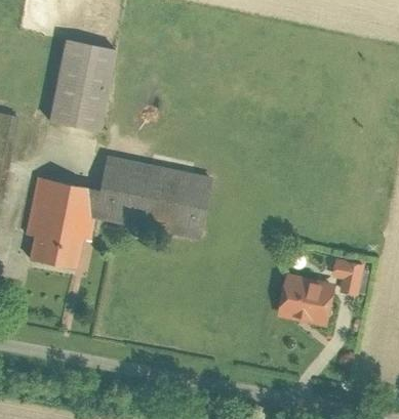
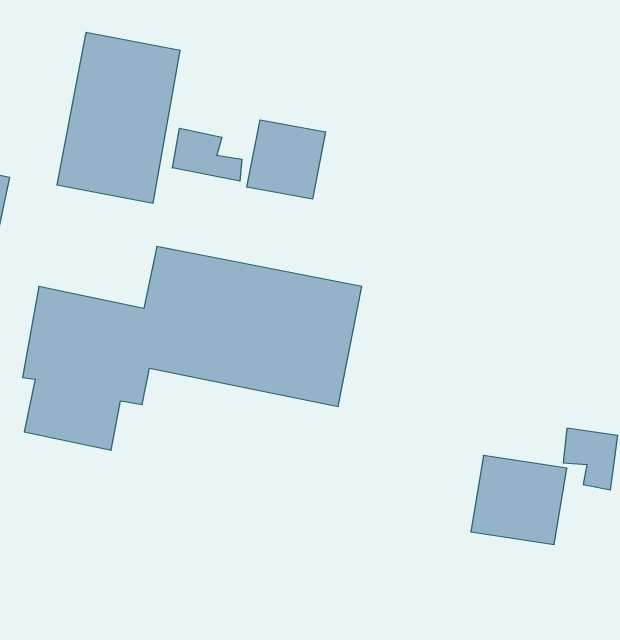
building: none -> [247,120,326,199]
building: none -> [172,128,242,181]

